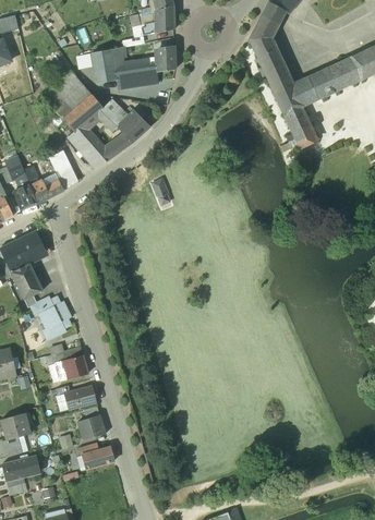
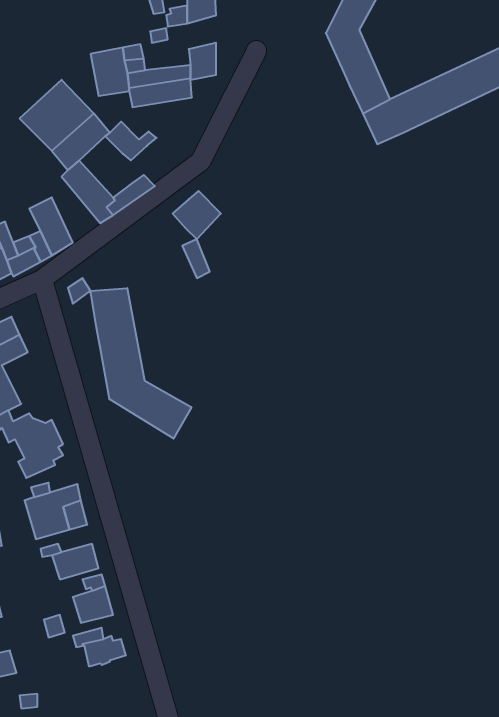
building: [283,107,316,147] -> none
building: [117,110,149,143] -> [173,191,221,239]
building: none -> [91,288,191,439]

